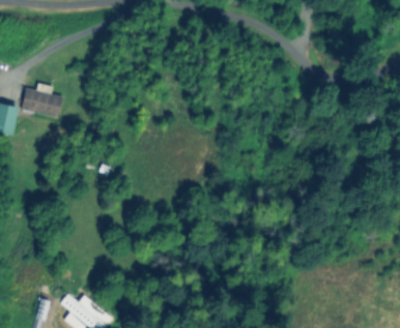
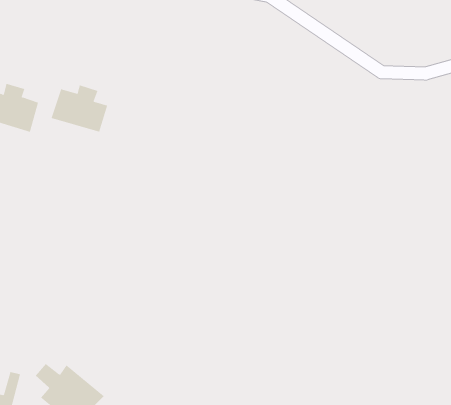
building: none -> [51,85,108,133]

